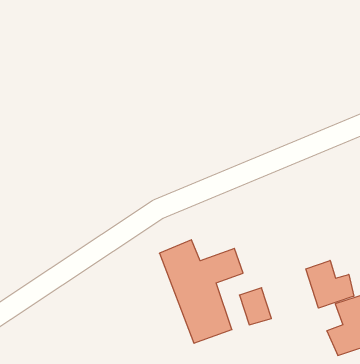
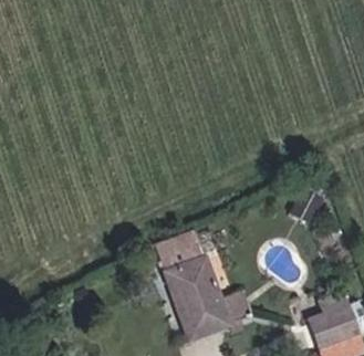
building: [306,260,354,308] -> none

